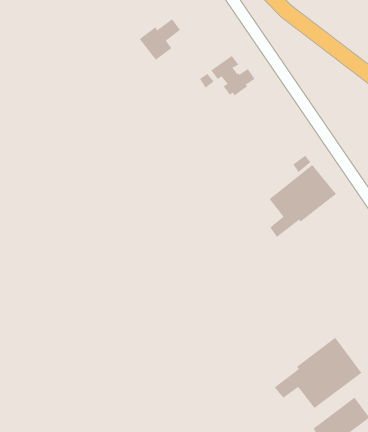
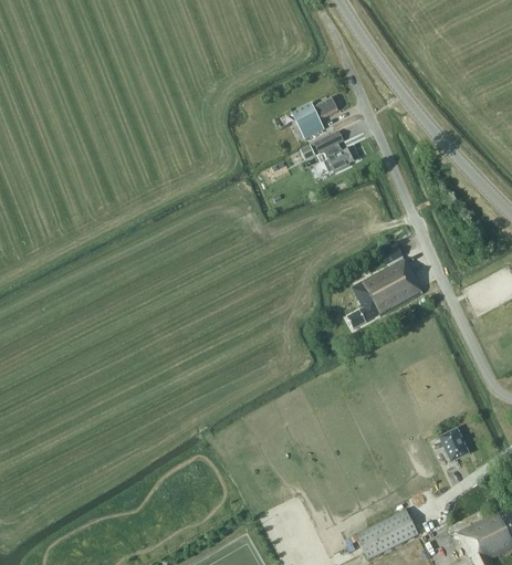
building: [139,19,181,61] -> [291,97,336,138]
building: [274,337,362,409] -> none

